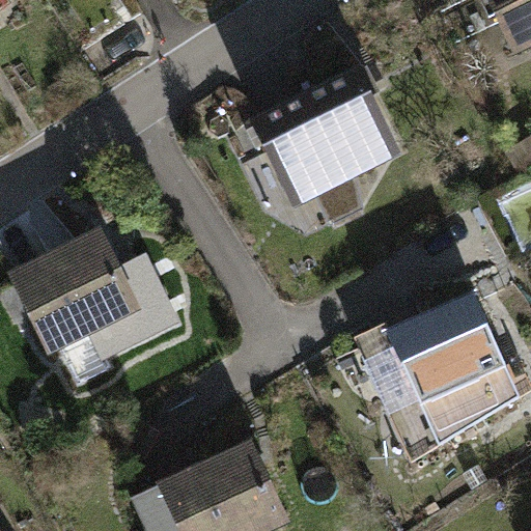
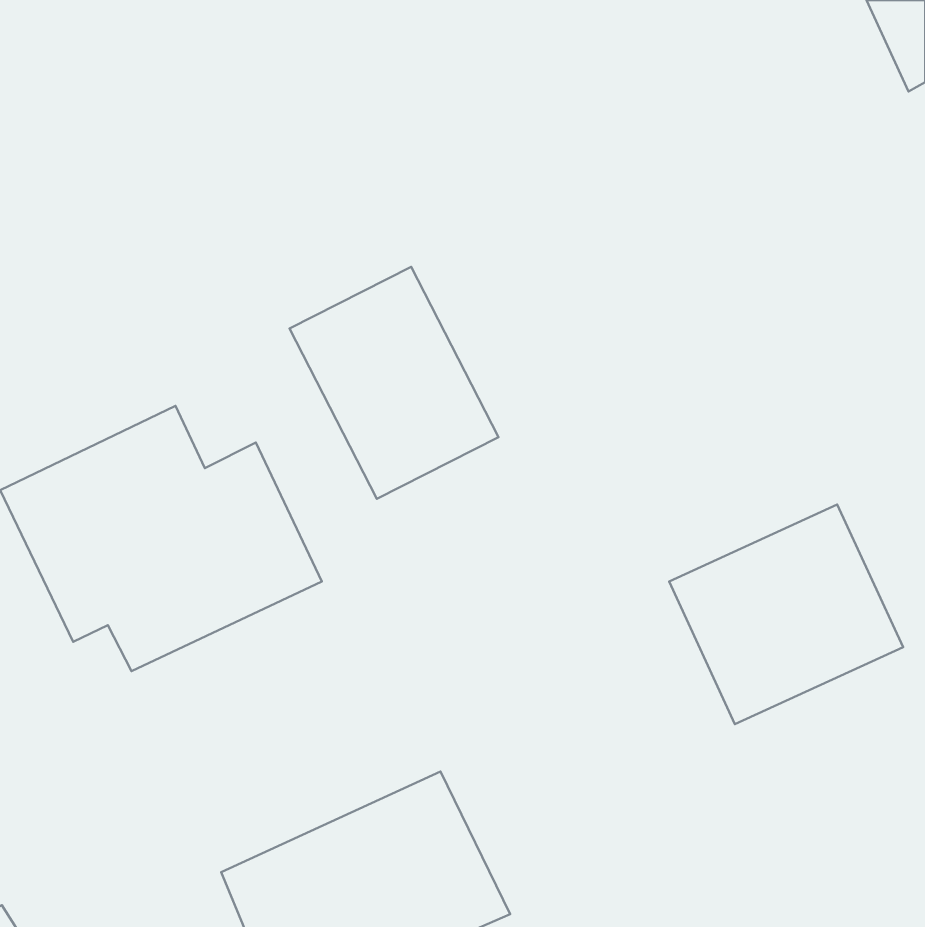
building: [259,62,400,232] -> none
building: none -> [290,267,499,499]

